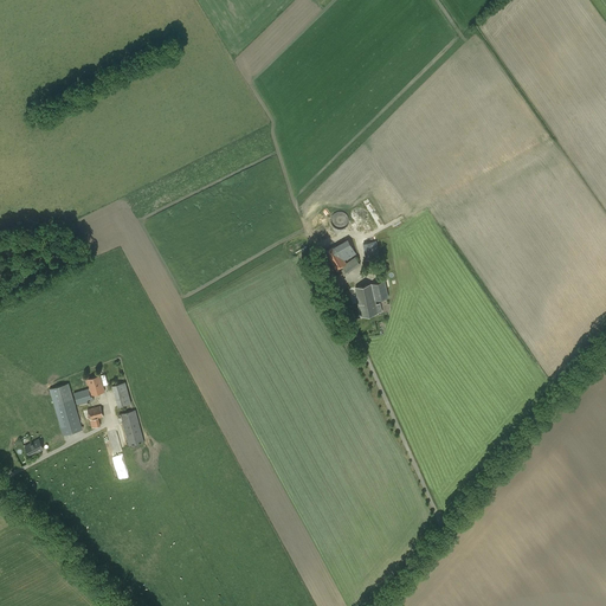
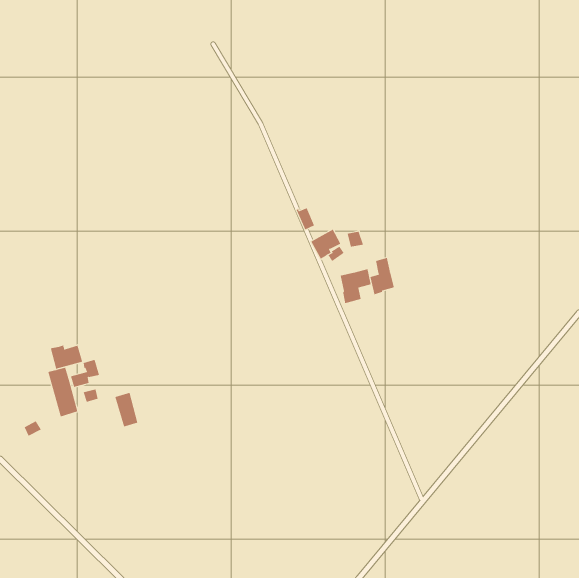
building: none -> [370,257,394,295]
building: none -> [50,345,83,370]

